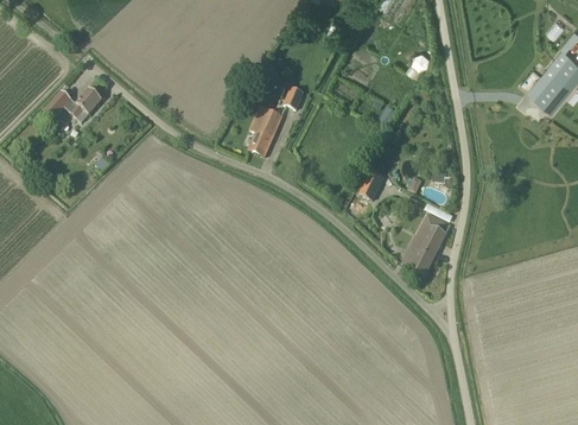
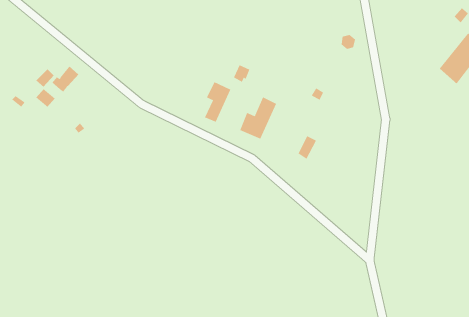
building: none -> [240,97,277,140]
building: [401,215,450,278] -> none

